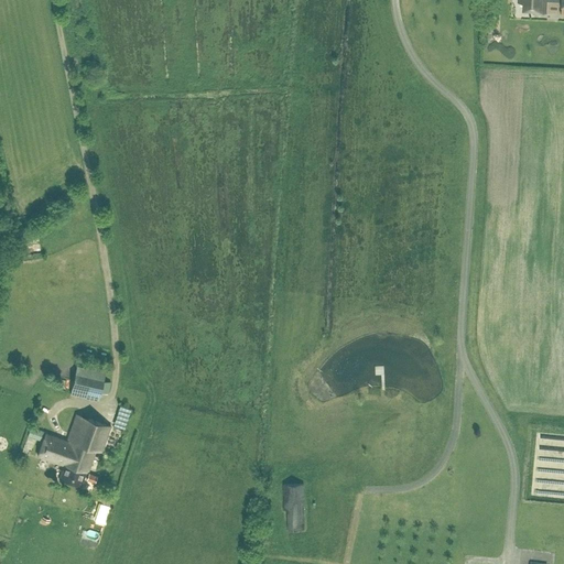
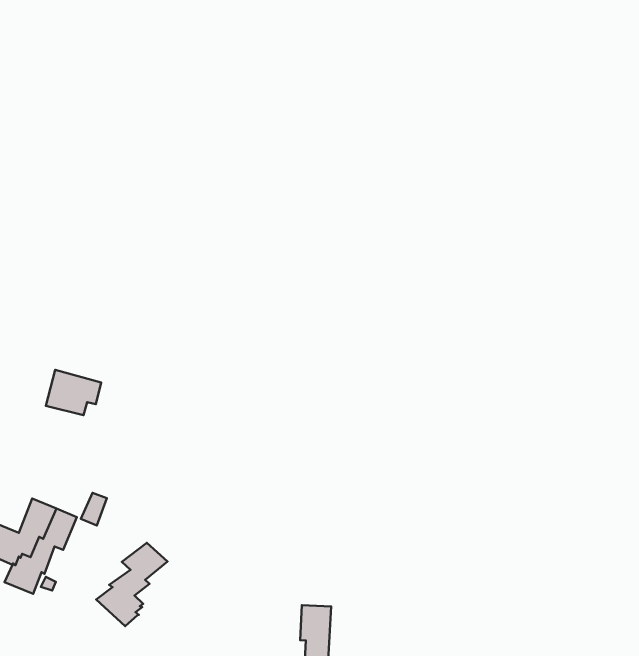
building: [72,367,112,400] -> [46,370,101,415]
building: none -> [96,543,167,626]

